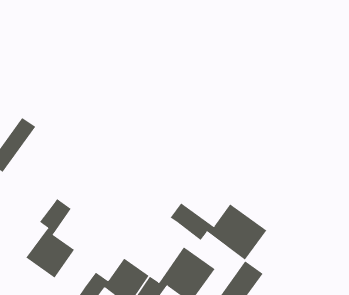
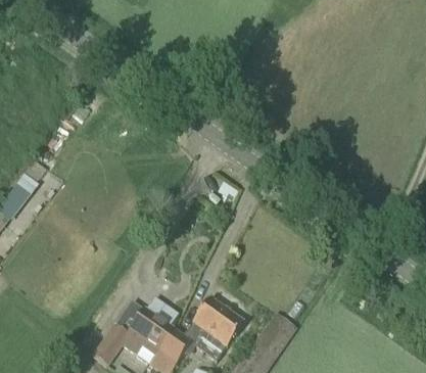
building: [26,198,75,279] -> none
building: [170,203,267,261] -> none

